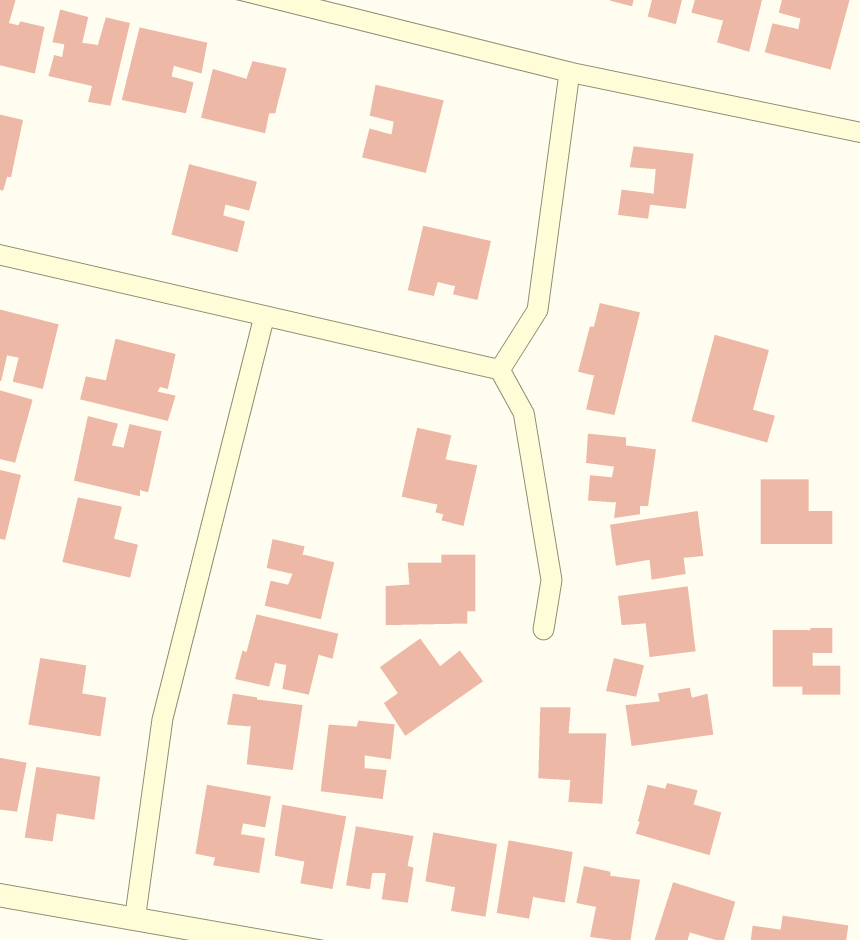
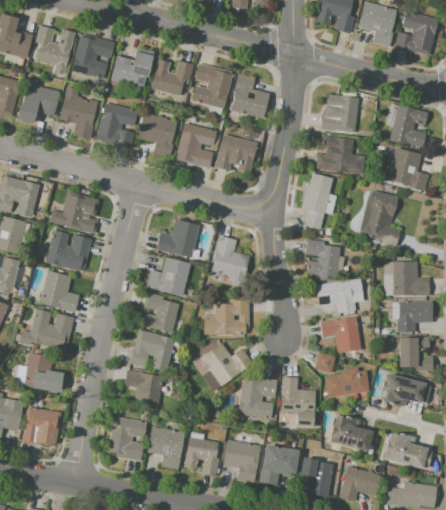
building: none -> [150,59,193,96]
building: none -> [231,73,270,119]
building: none -> [16,84,59,123]
building: none -> [58,86,98,140]
building: none -> [385,104,427,147]
building: none -> [138,113,176,158]
building: none -> [175,123,216,168]
building: none -> [315,135,365,174]
building: none -> [387,148,427,190]
building: none -> [156,219,199,257]
building: none -> [145,257,190,296]
building: none -> [397,301,432,334]
building: none -> [18,309,73,348]
building: none -> [379,373,429,407]
building: [320,720,395,800] -> [238,378,276,418]
building: none -> [382,432,432,469]

